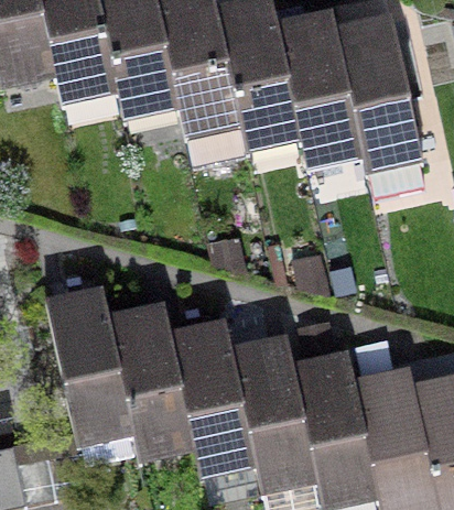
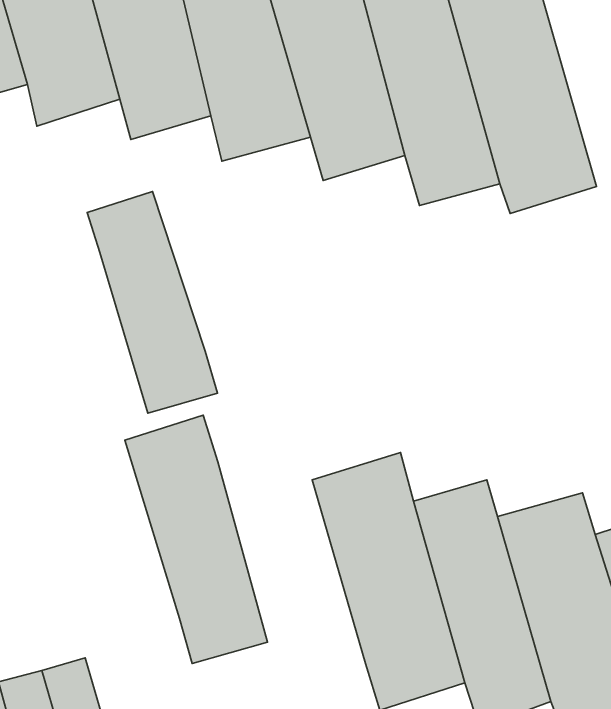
building: none -> [87,191,217,413]
building: [45,287,136,445] -> none
building: [166,319,255,480] -> none

